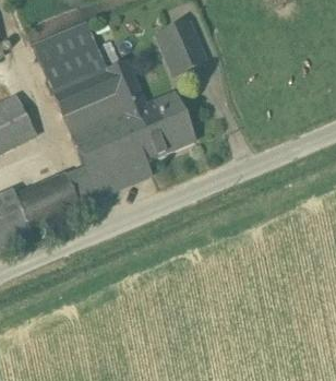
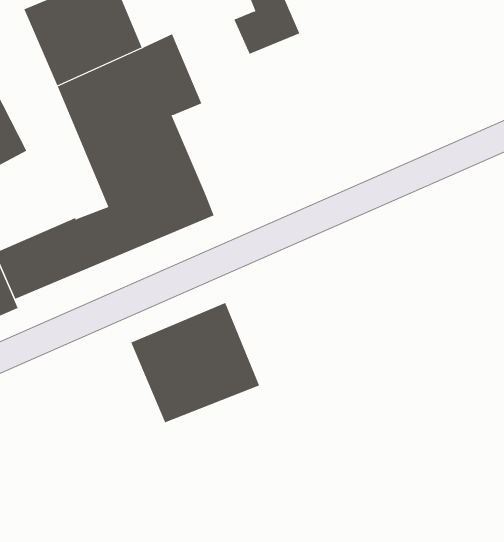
building: [127,92,195,159] -> none
building: none -> [131,302,260,423]

